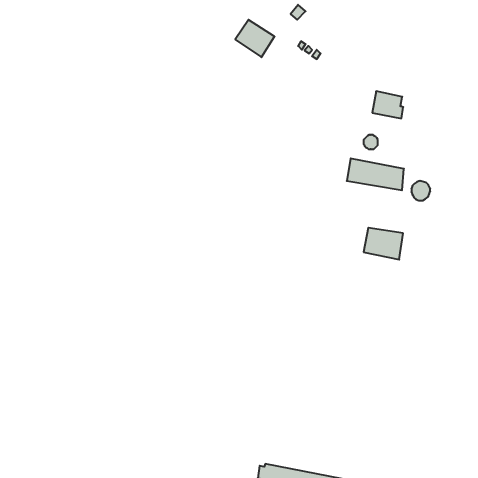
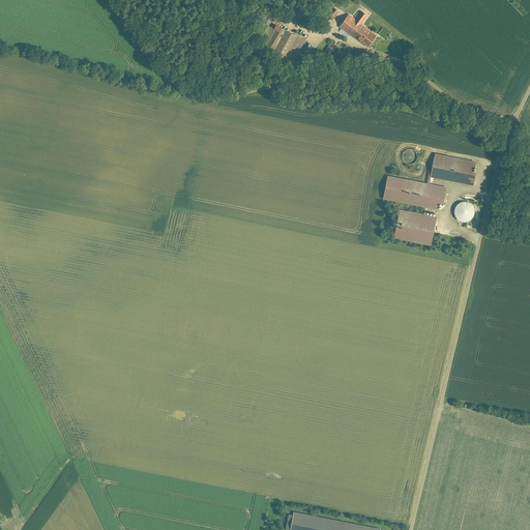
building: none -> [337,13,372,41]
building: [372,91,403,118] -> [440,156,474,186]
building: [364,228,403,260] -> [393,209,437,244]

